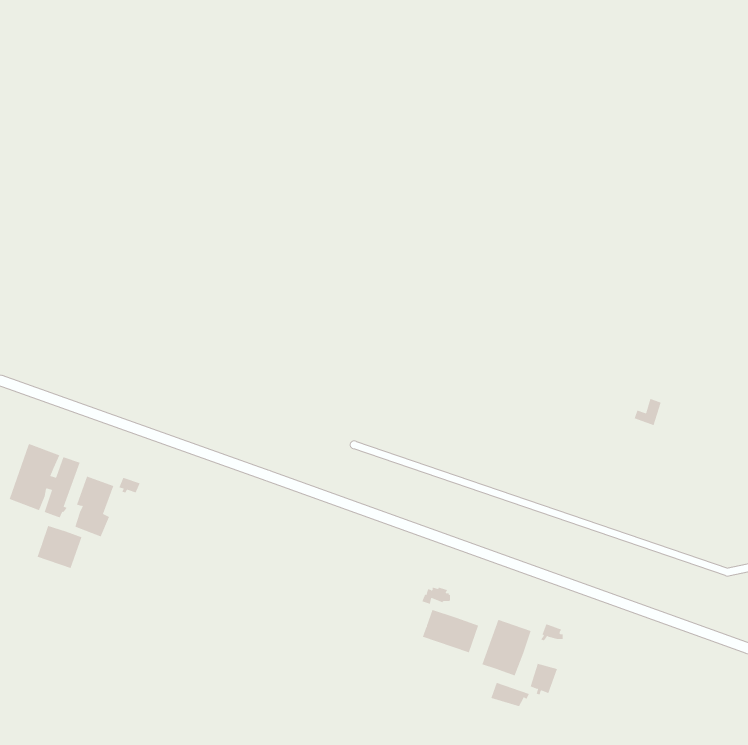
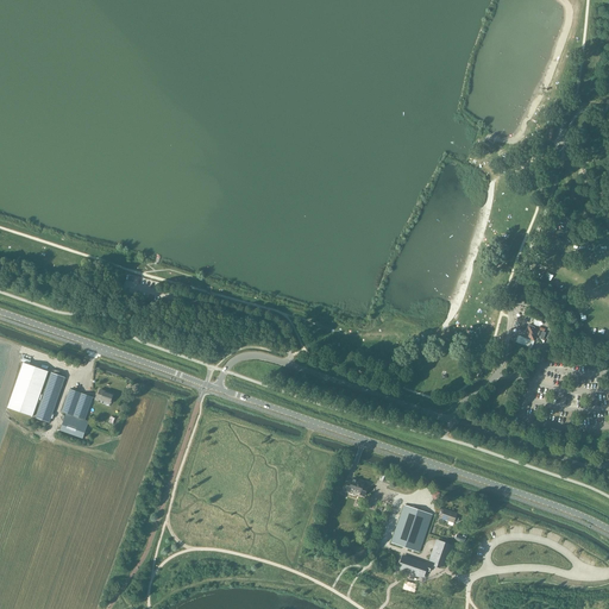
building: [37,525,82,569] -> none
building: [422,609,479,653] -> none

